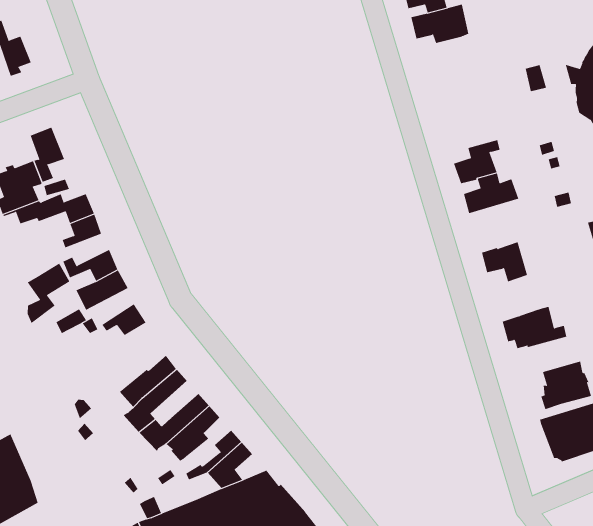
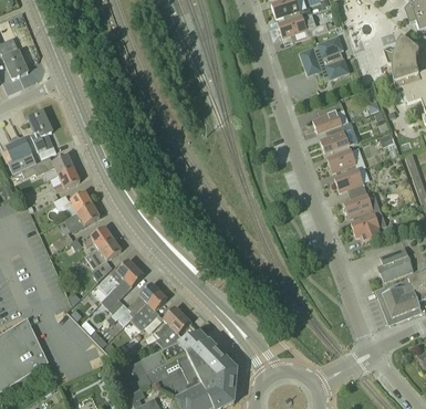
building: none -> [299,34,350,80]
building: none -> [326,149,359,175]
building: [27,263,70,324] -> [92,238,121,280]
building: none -> [343,191,382,219]

